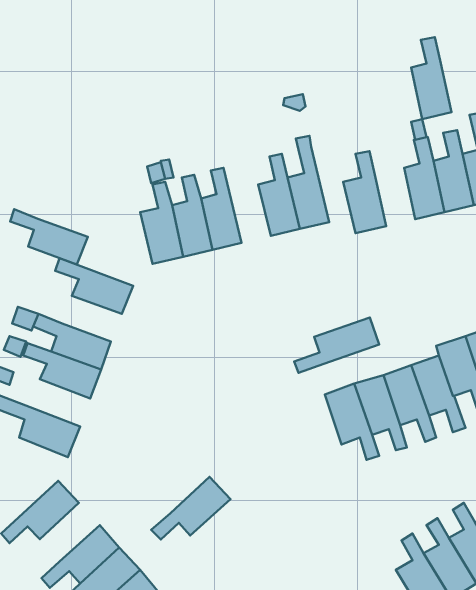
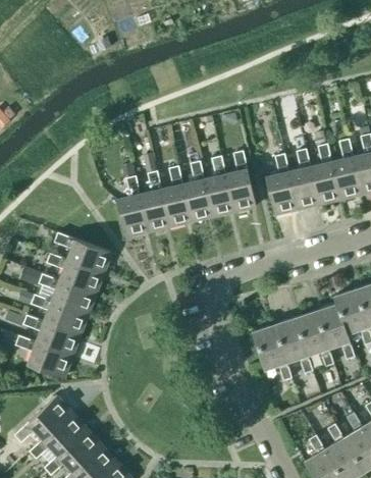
building: [411,37,451,119] -> [289,149,319,209]
building: none -> [182,161,213,221]
building: [10,209,88,265] -> [47,253,104,294]
building: [294,317,379,373] -> none
building: none -> [23,315,81,356]
building: [151,477,230,540] -> [30,412,88,458]

